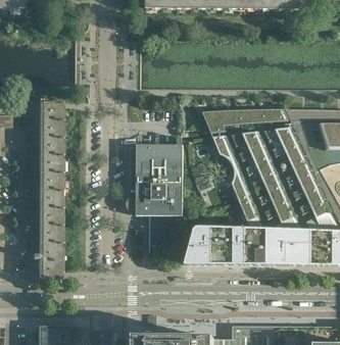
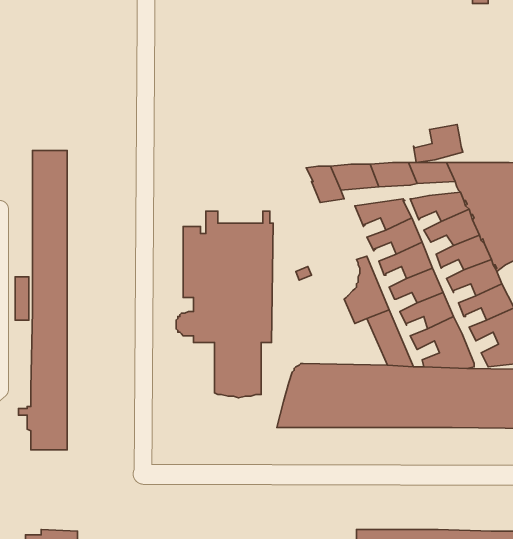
building: none -> [414,125,463,163]
building: [212,134,238,165] -> none

